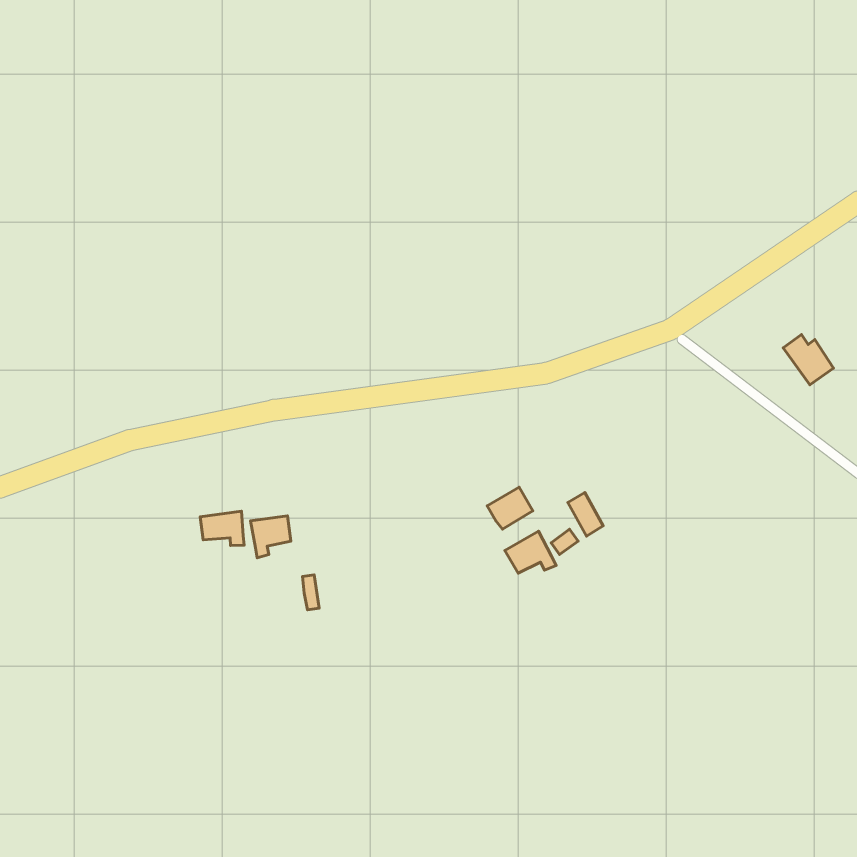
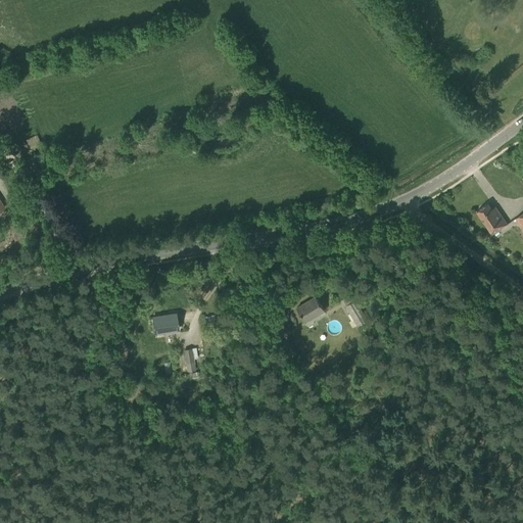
building: [200,511,244,545] -> none
building: [505,531,556,573] -> none

